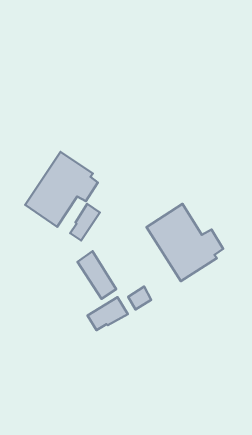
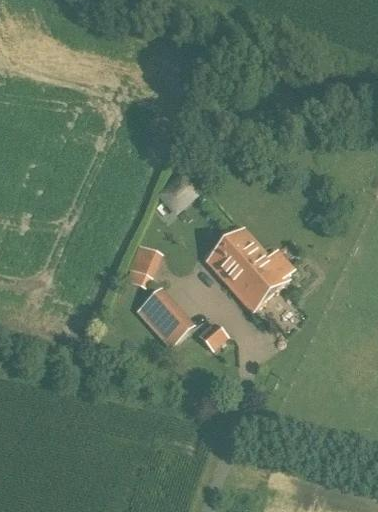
building: [25,152,98,227] -> none
building: [88,297,128,330] -> none

